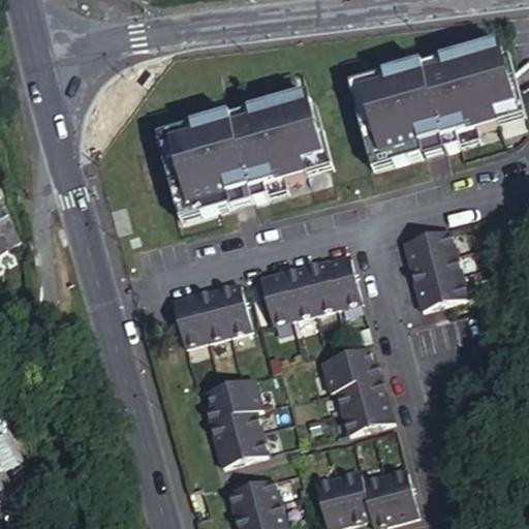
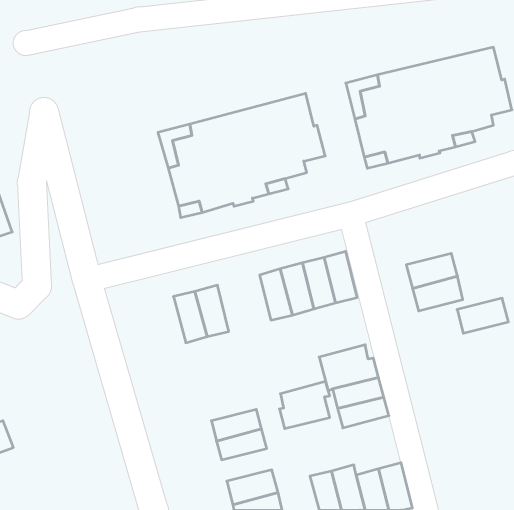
building: [403,231,455,267] -> [457,298,508,333]
building: [219,281,253,334] -> none
building: [208,376,258,424] -> [279,381,330,429]

